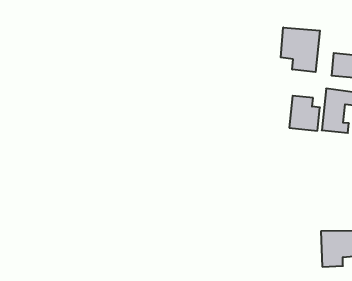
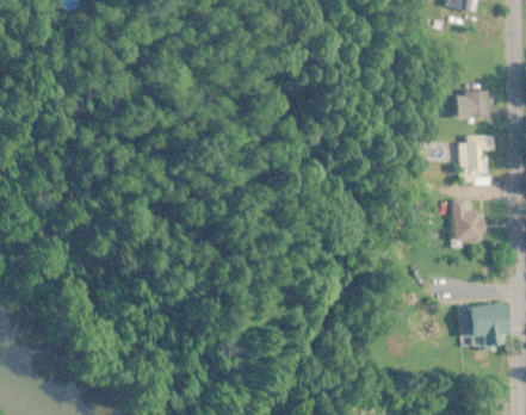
building: [281,27,320,72] -> none
building: [289,96,320,131] -> [450,200,484,240]

